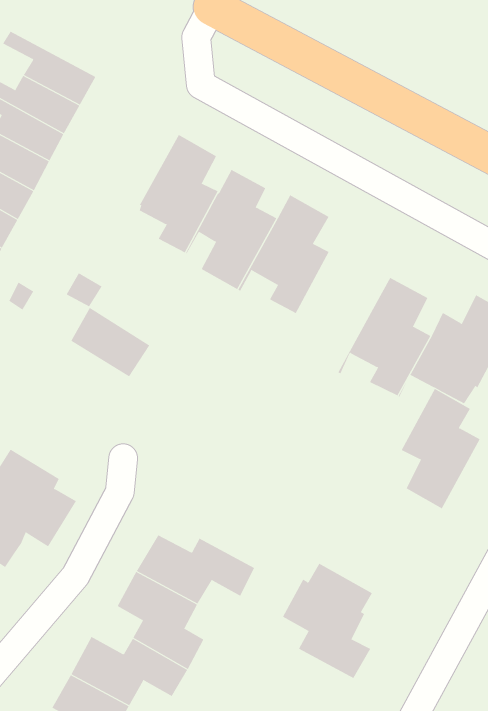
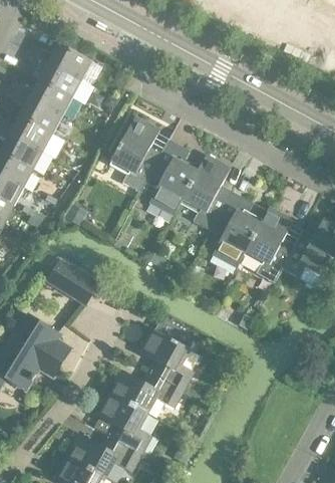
building: none -> [29,42,93,80]
building: [71,307,150,377] -> [48,260,98,304]
building: [401,388,480,509] -> [210,191,260,267]
building: [282,563,373,679] -> [138,317,196,391]

